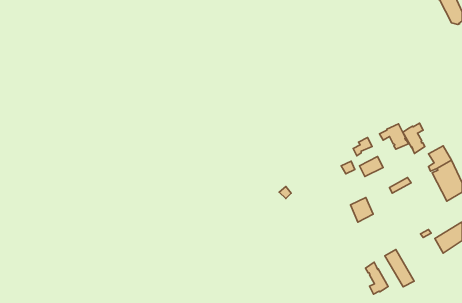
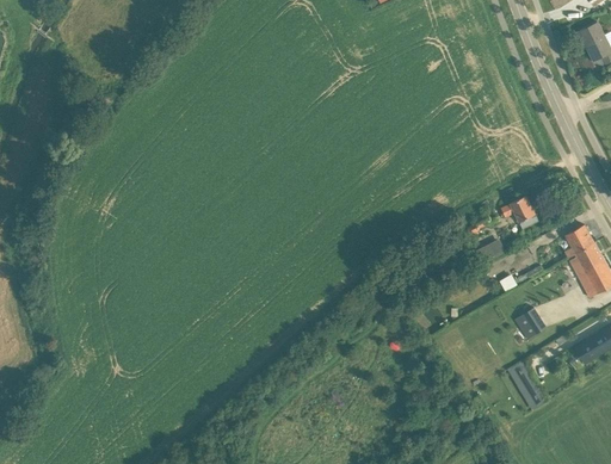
building: [403,123,425,153] -> none
building: [350,198,373,222] -> [514,307,544,339]
building: [366,262,388,294] -> none

